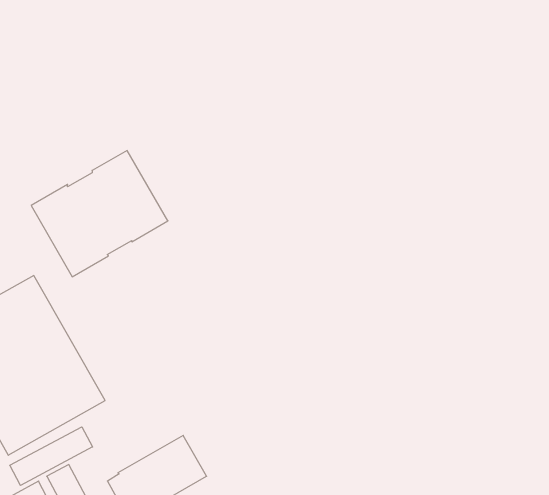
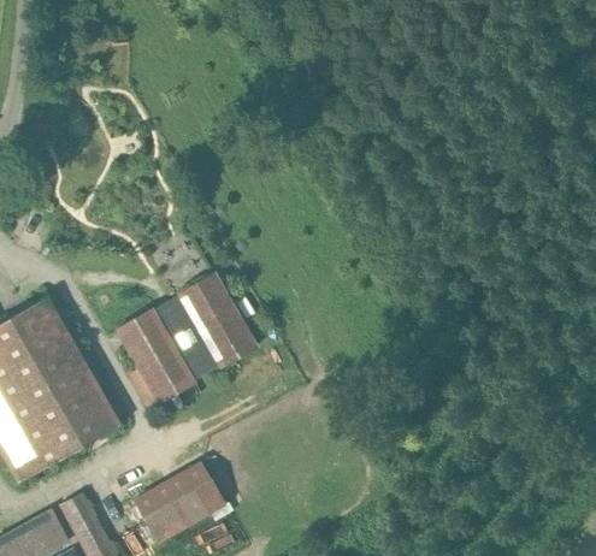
building: [31,151,168,277] -> [116,273,256,403]
building: [10,427,93,485] -> none

